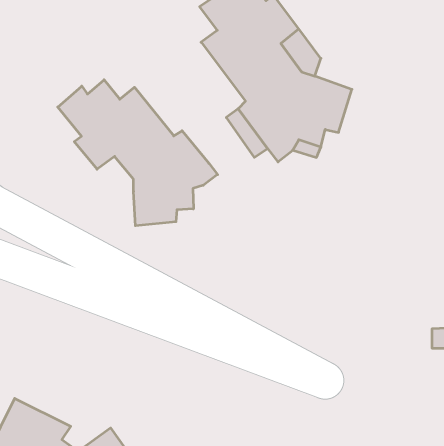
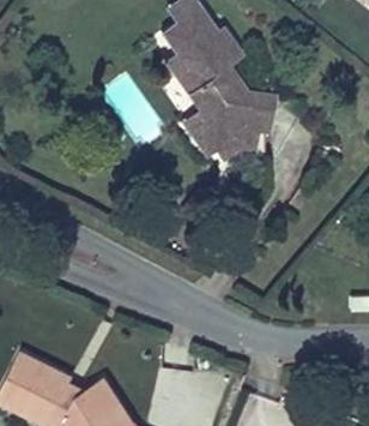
building: [58,80,218,226] -> none

